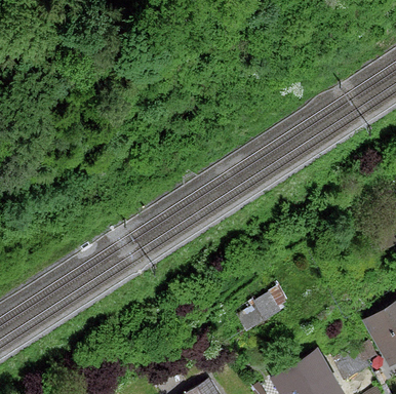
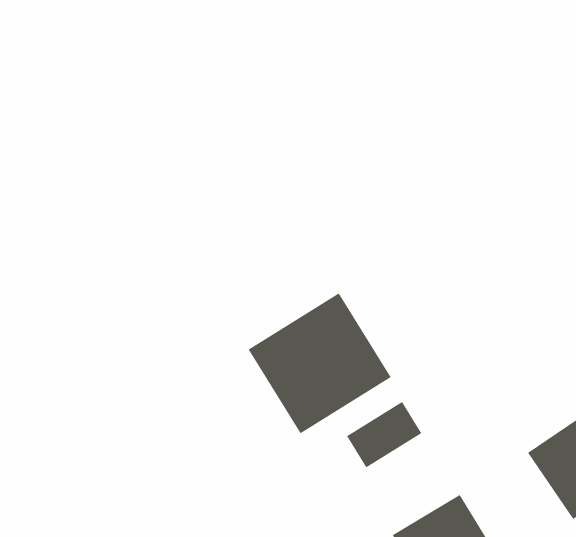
building: none -> [248,293,392,434]

